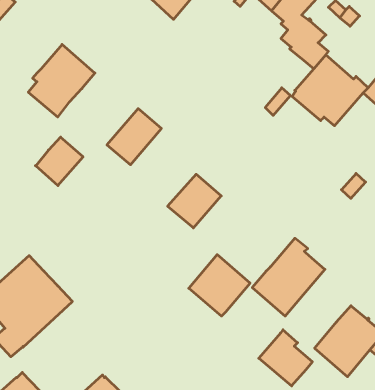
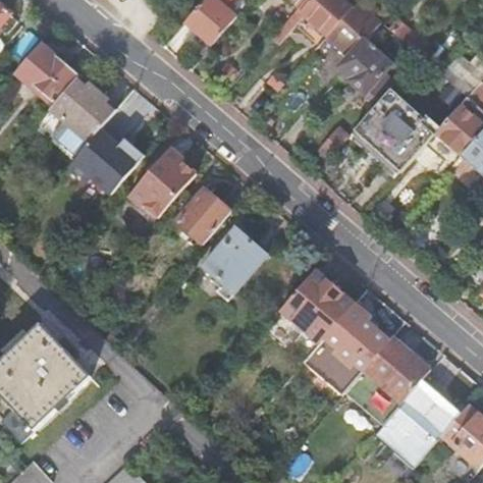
building: none -> [14,42,79,103]
building: [35,137,83,186] -> [73,126,129,183]
building: none -> [176,187,231,244]
building: [189,255,250,316] -> [281,269,354,341]
building: [259,330,312,386] -> [364,335,427,401]

